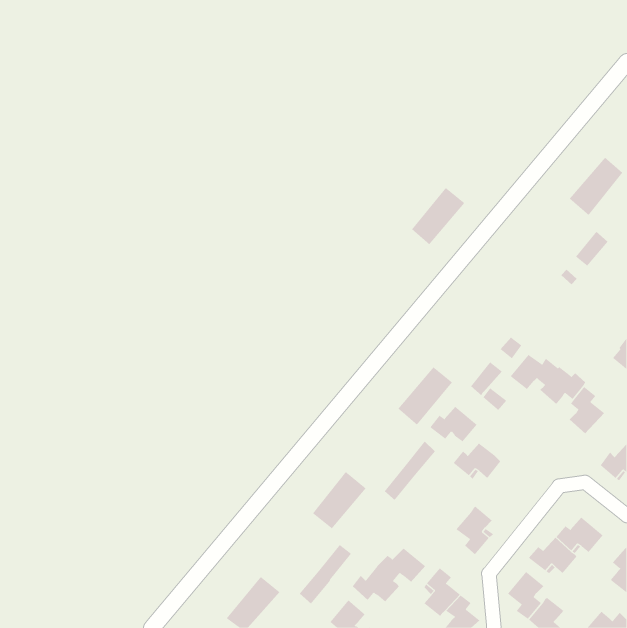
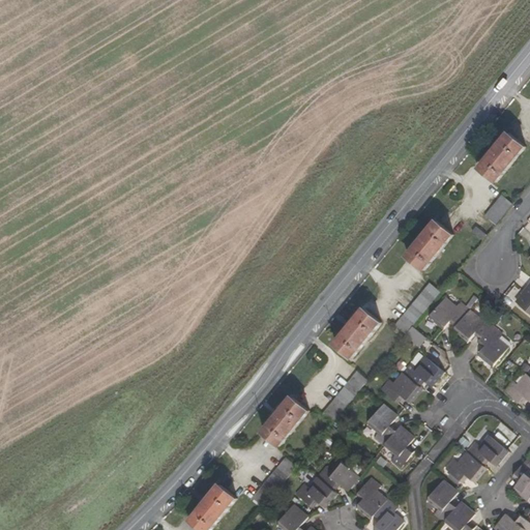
building: [411,187,465,245] -> [406,220,451,269]
building: [429,406,478,442] -> [402,354,442,384]
building: none -> [365,403,395,444]

